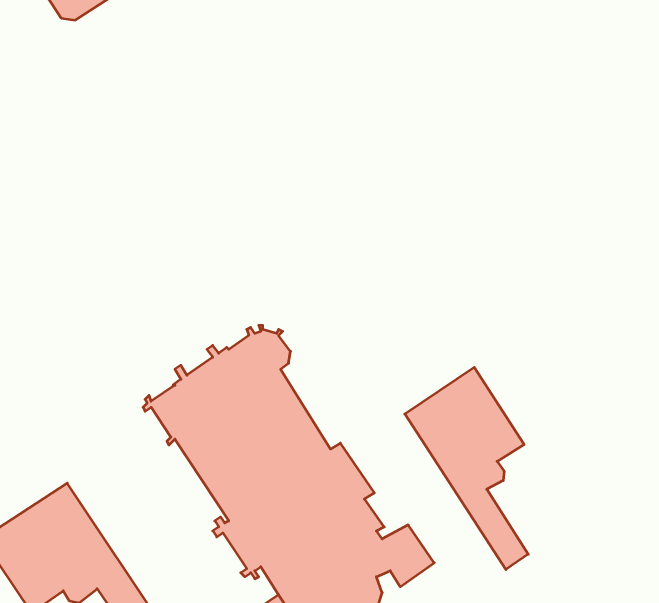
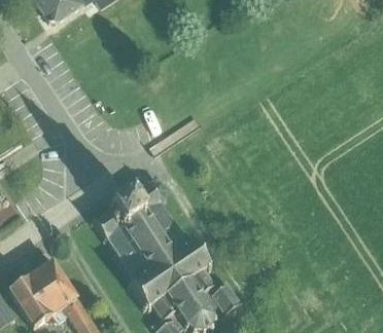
building: [405,367,528,570] -> none

